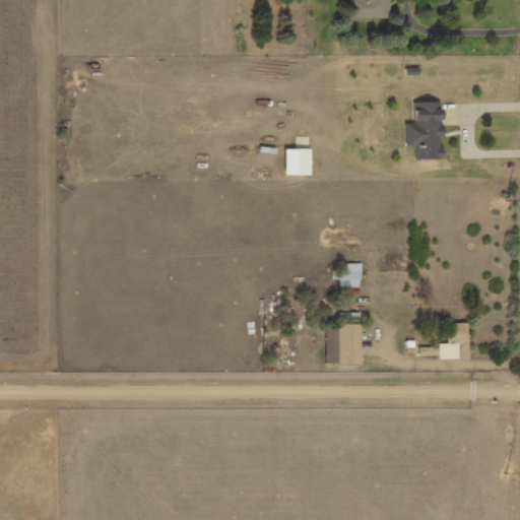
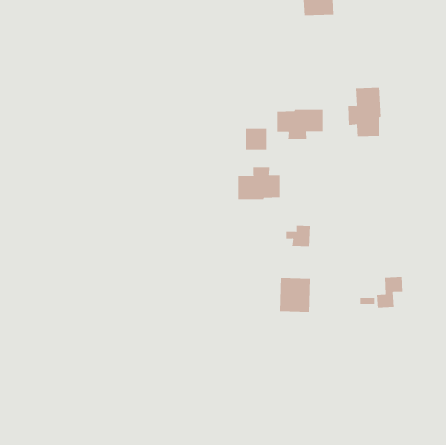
building: none -> [277,109,323,140]
building: none -> [238,166,280,200]

